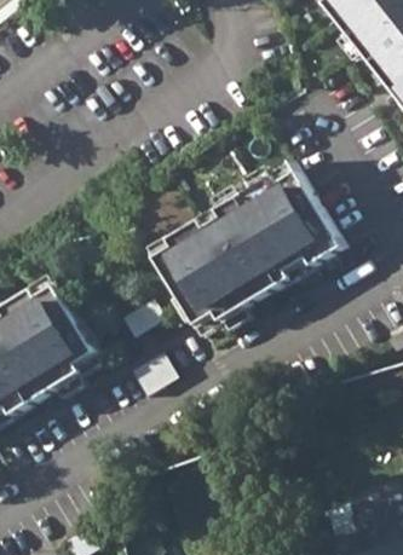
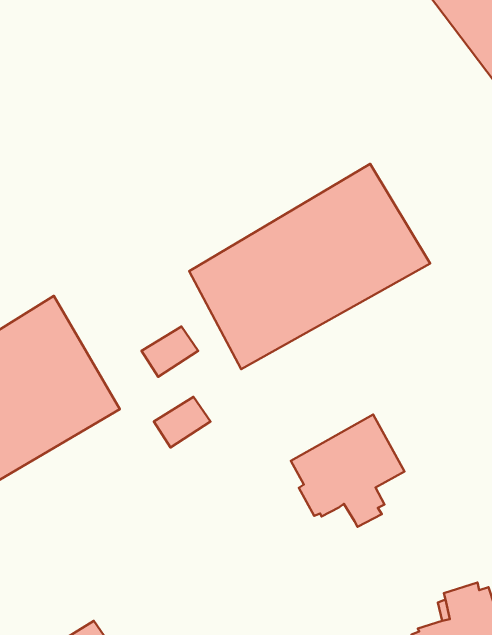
building: none -> [291,415,405,527]

